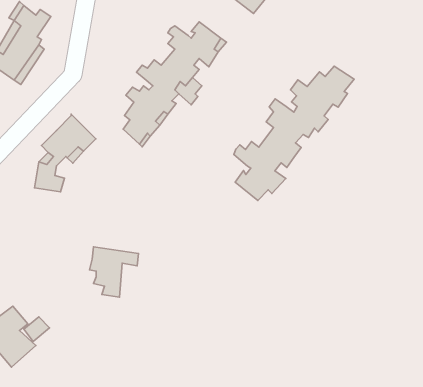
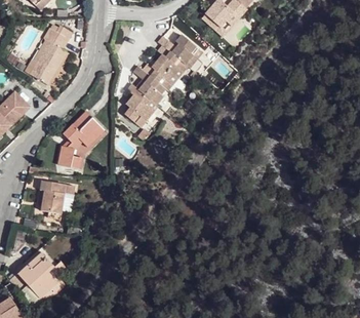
building: [234,66,354,201] -> none
building: [89,247,138,297] -> [39,181,76,218]

